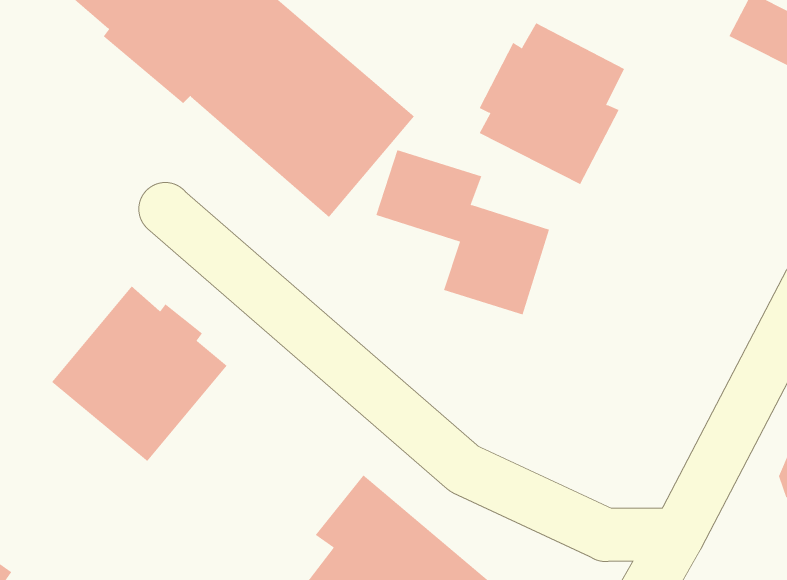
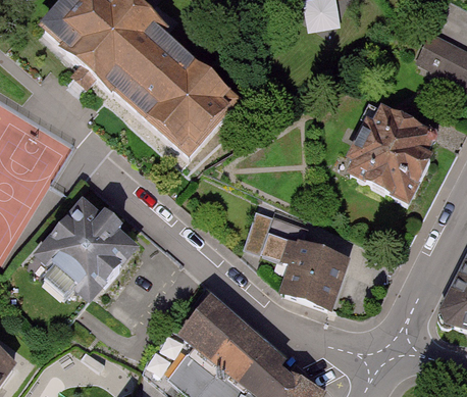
building: [479,23,625,185] -> [353,109,436,202]
building: [375,149,550,315] -> [247,208,347,303]

